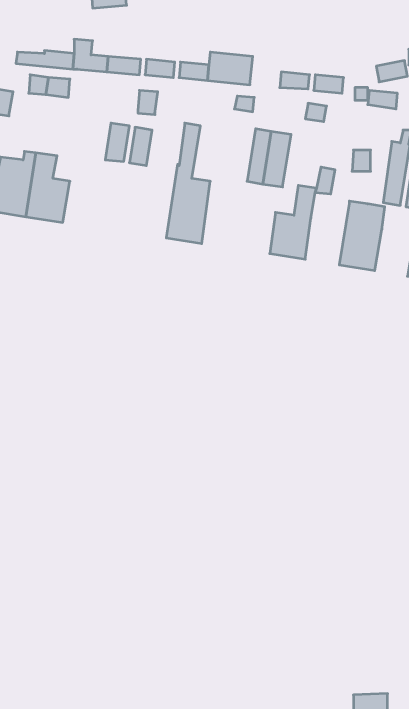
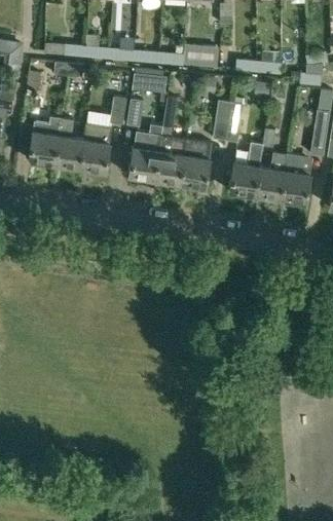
building: none -> [79,122,111,171]
building: none -> [128,124,162,179]
building: none -> [180,138,212,187]
building: none -> [255,152,287,198]

